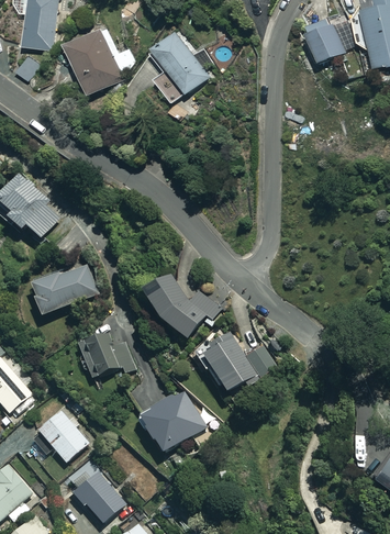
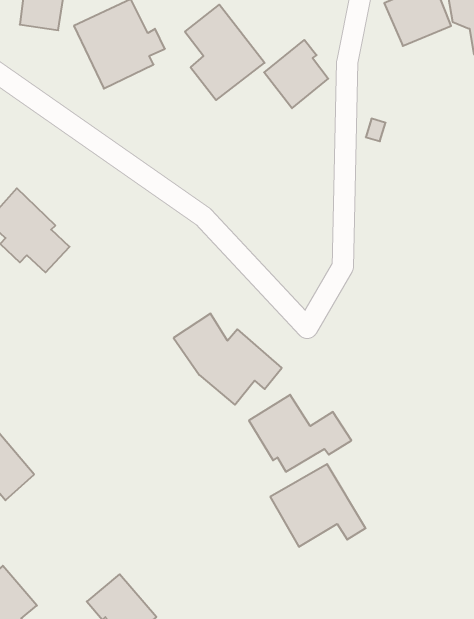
building: none -> [264,40,328,108]
building: [32,264,98,314] -> none
building: [77,316,135,378] -> none
building: [140,389,213,453] -> [270,464,366,547]
building: [38,410,89,461] -> none

